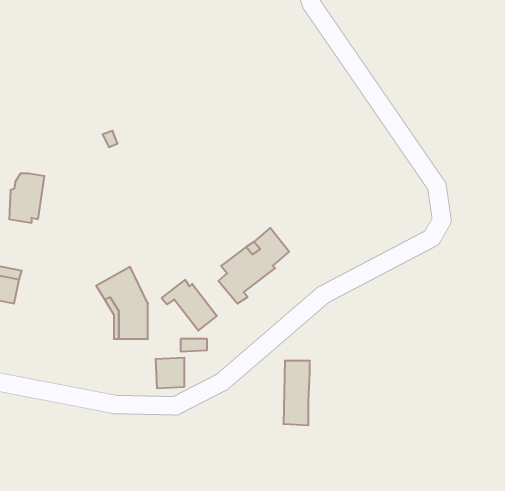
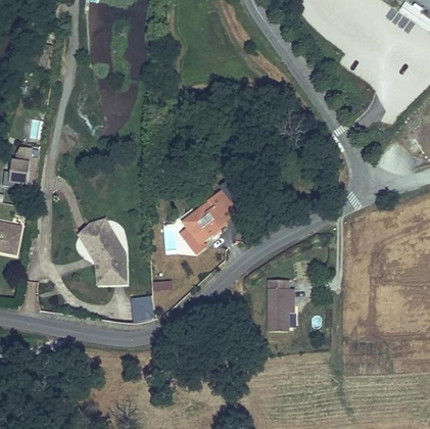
building: none -> [77,214,109,239]
building: [162,280,217,331] -> none
building: [283,361,310,425] -> [267,281,288,333]

